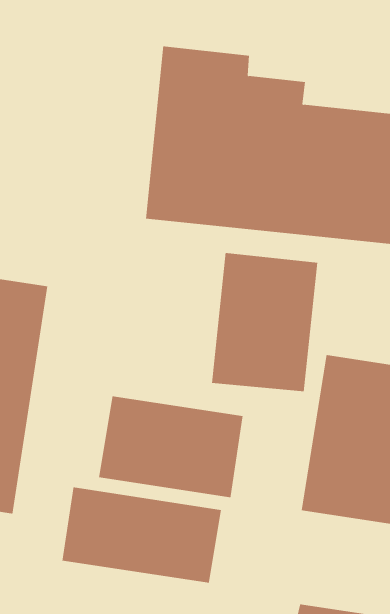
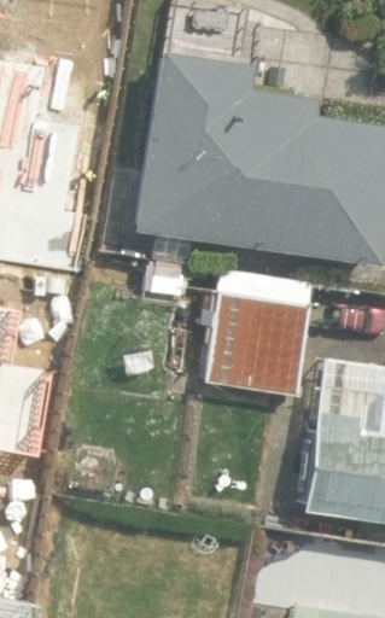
building: [98,396,243,498] -> none
building: [62,487,222,583] -> none

